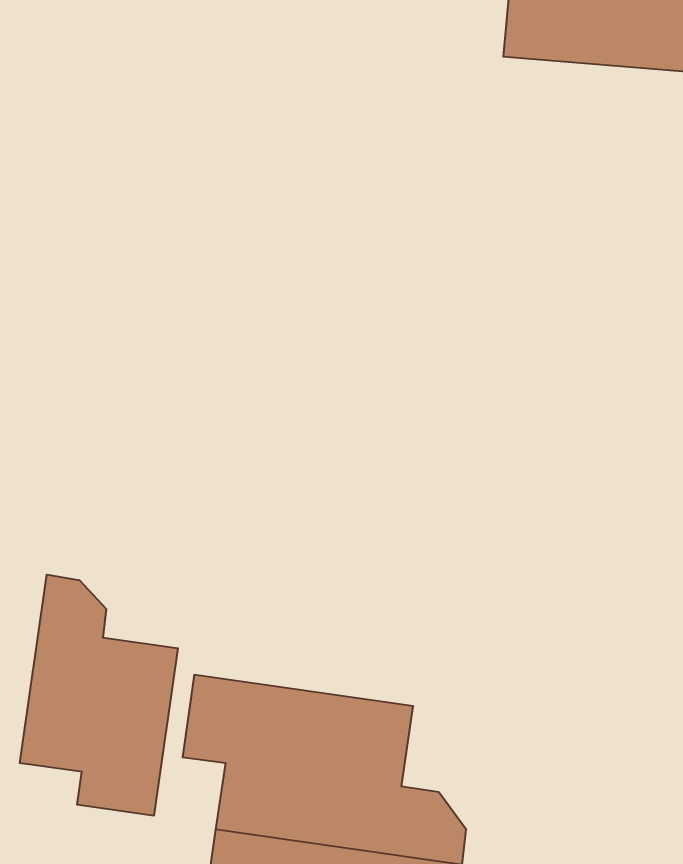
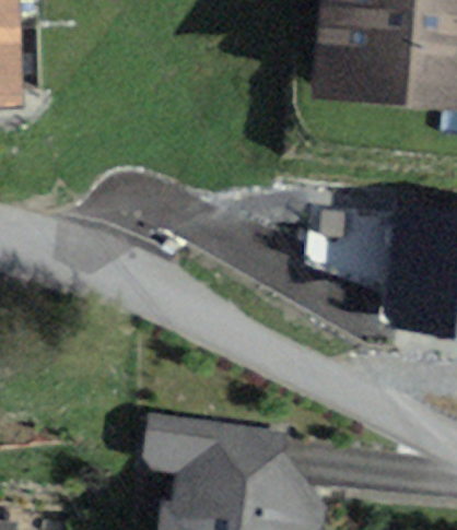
building: [20,575,178,816] -> none

